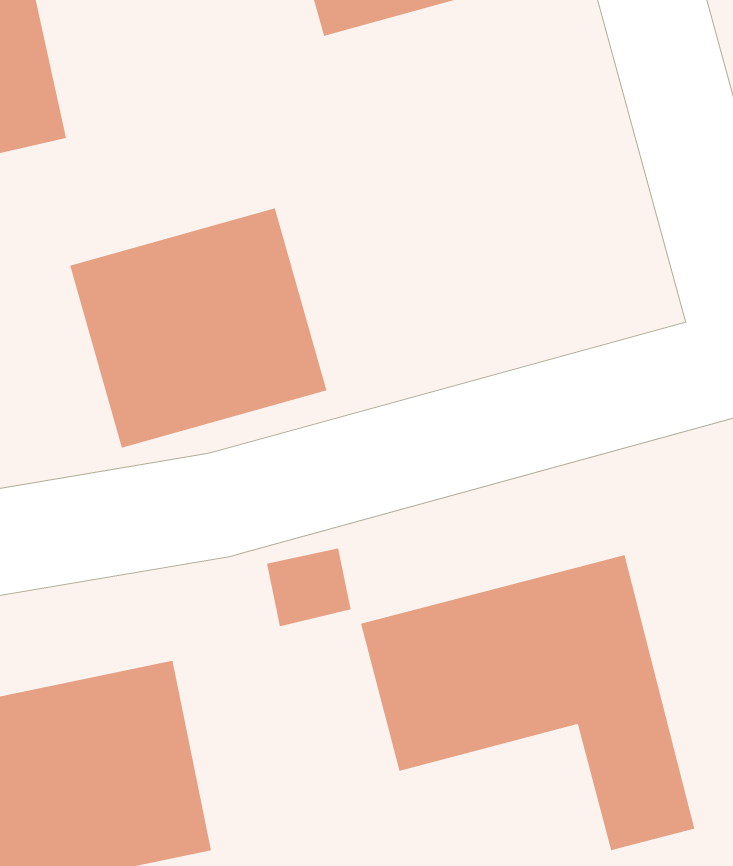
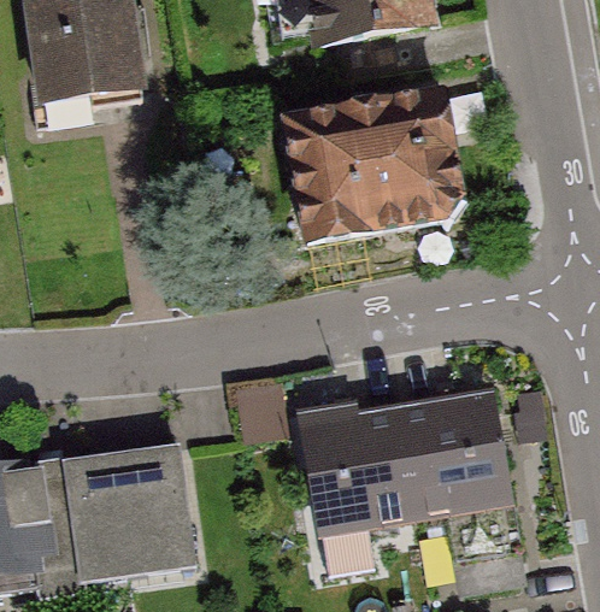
building: none -> [283,90,457,242]
building: [69,208,327,448] -> none

